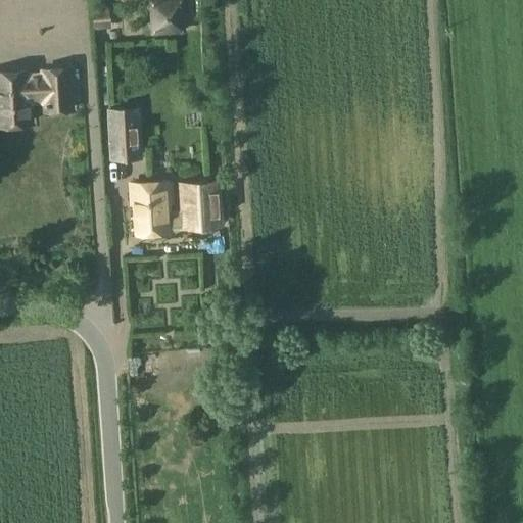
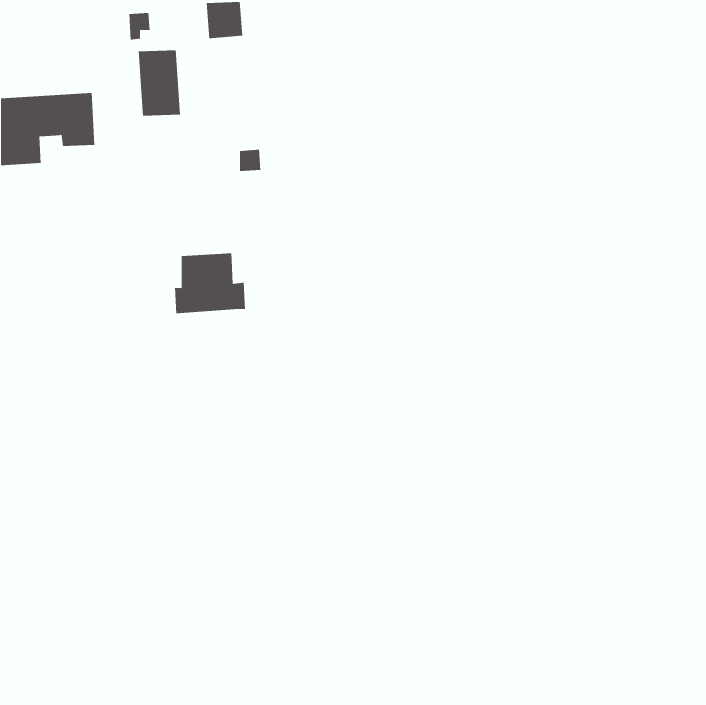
building: [107,111,139,160] -> [138,50,181,116]
building: [180,182,222,231] -> none

